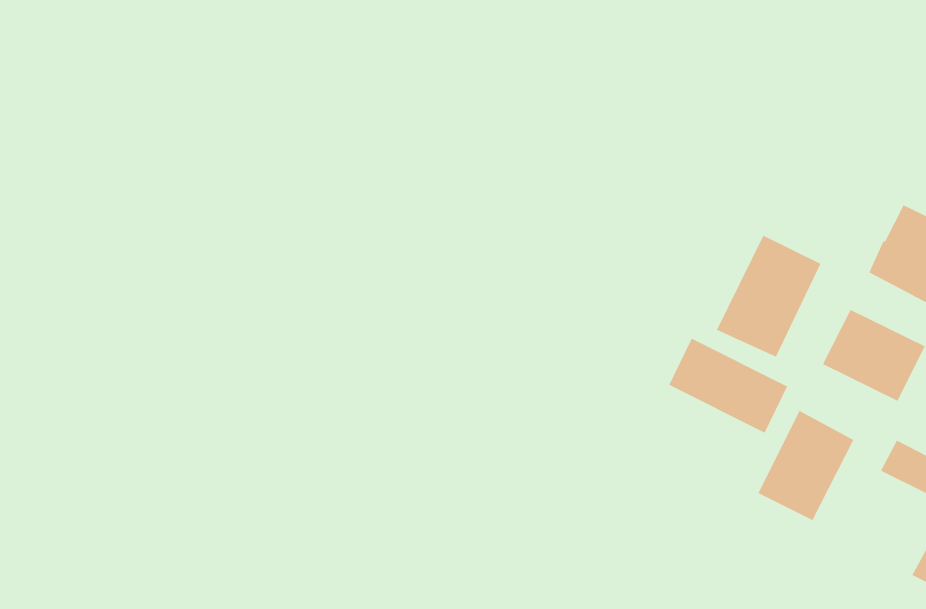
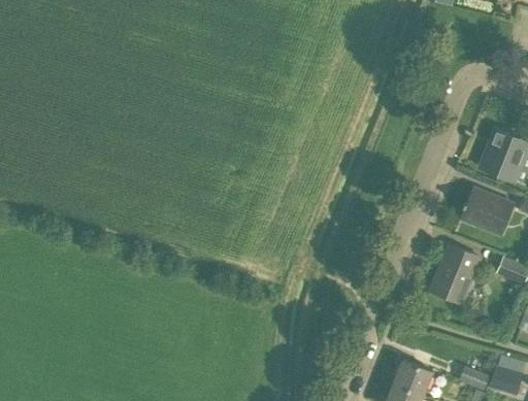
building: [716,235,821,357] -> none
building: [669,338,788,433] -> none

